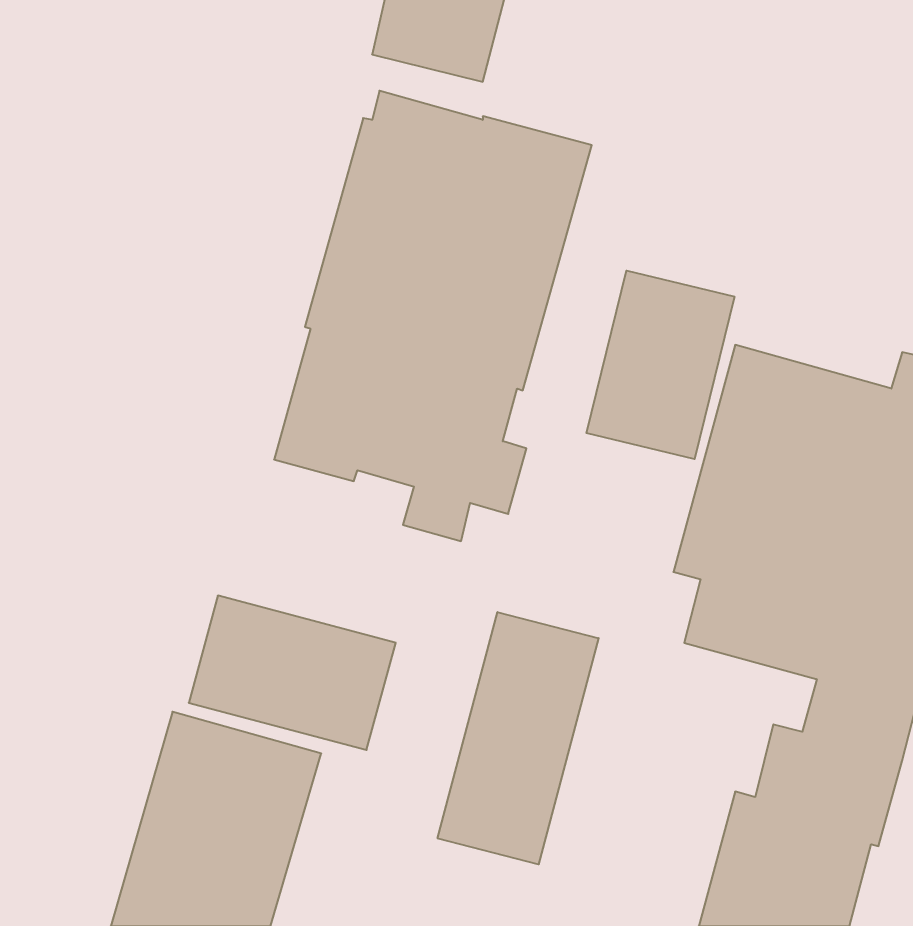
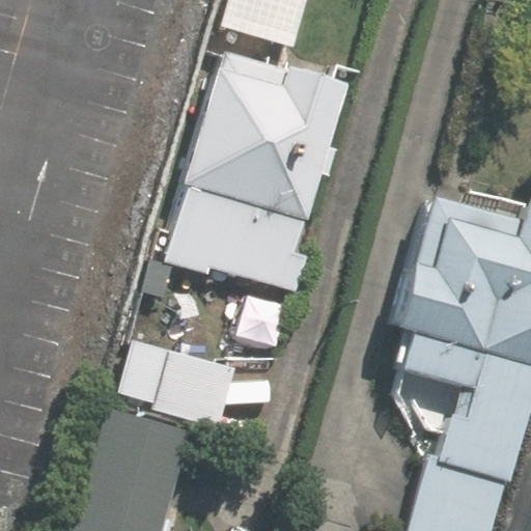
building: [586,271,734,459] -> none
building: [438,612,599,864] -> none

